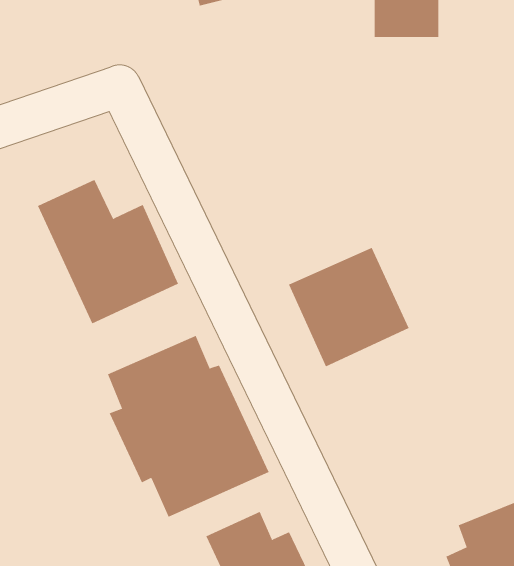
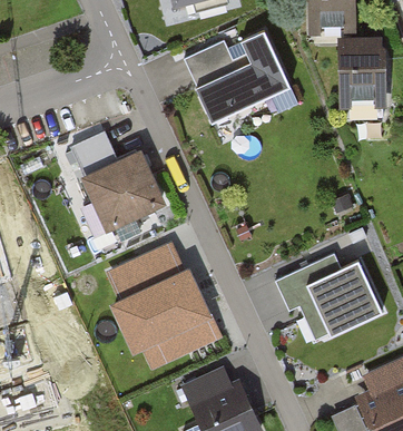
building: none -> [196,32,294,123]
building: none -> [331,40,375,105]
building: [288,247,410,367] -> [295,256,382,342]

